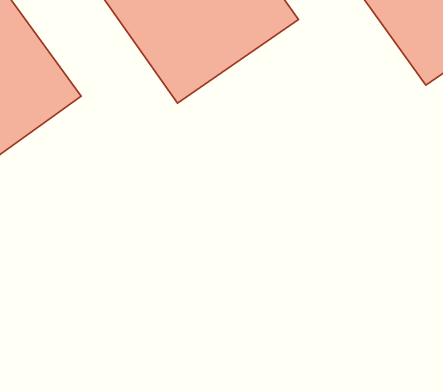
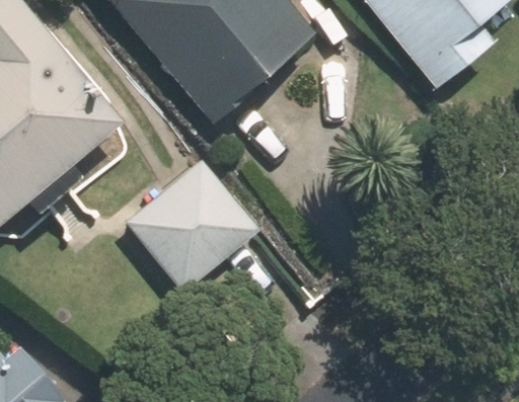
building: none -> [128,158,264,292]

